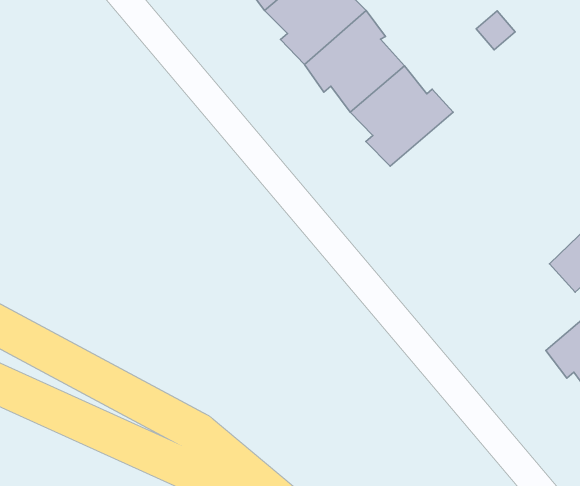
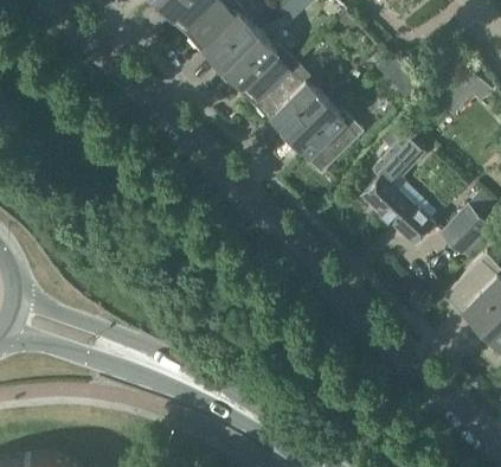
building: none -> [361,136,432,243]

